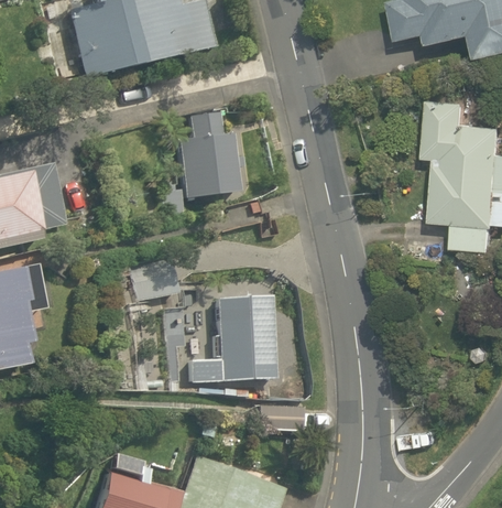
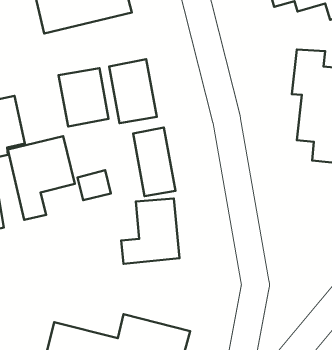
building: none -> [59,68,109,127]
building: none -> [133,127,176,196]
building: none -> [8,136,75,220]

